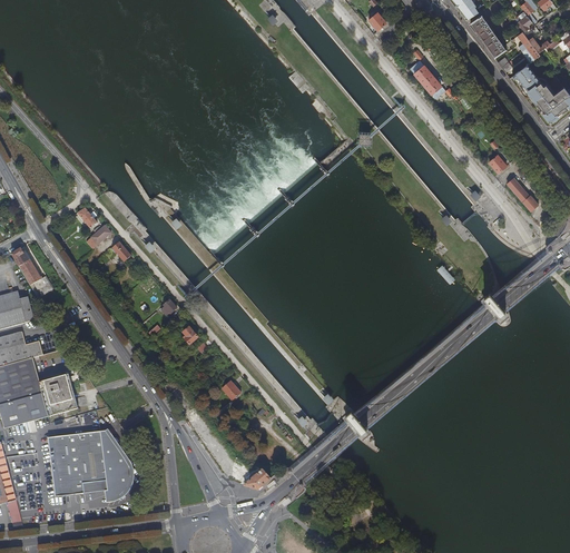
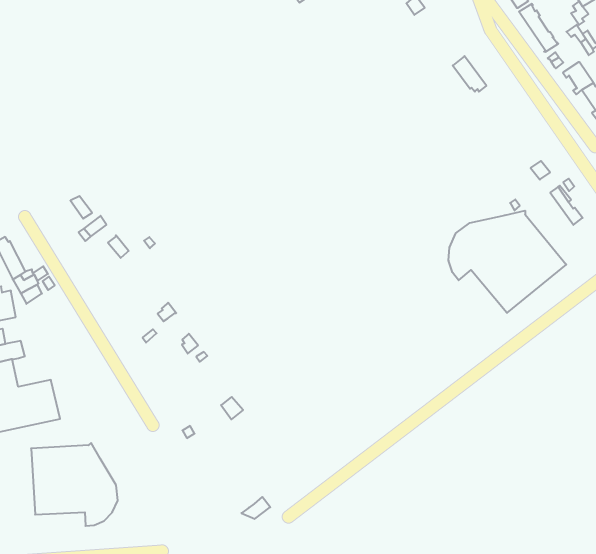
building: none -> [449,211,566,313]

